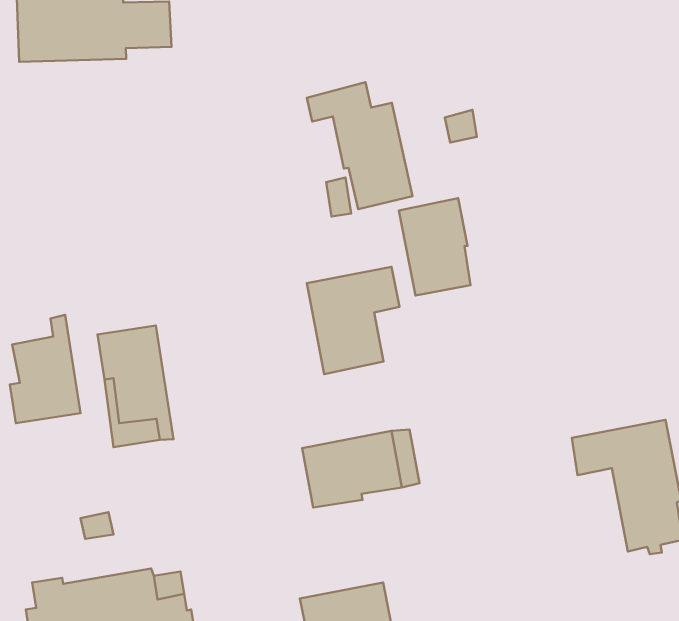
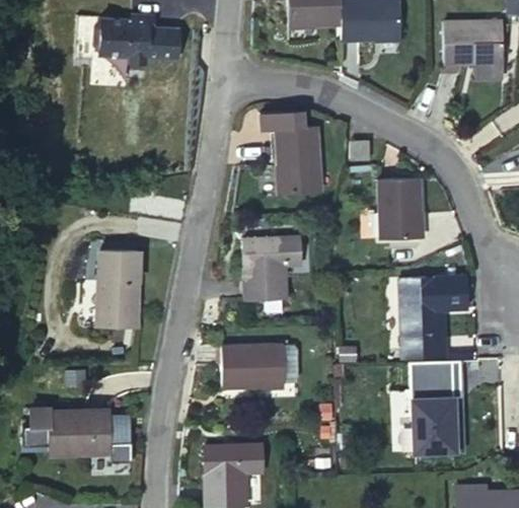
building: [399,198,470,295] -> [378,178,420,238]
building: none -> [399,276,468,358]
building: [10,315,81,423] -> none

